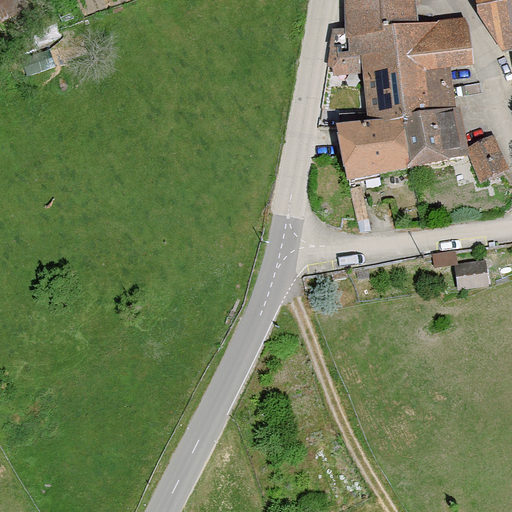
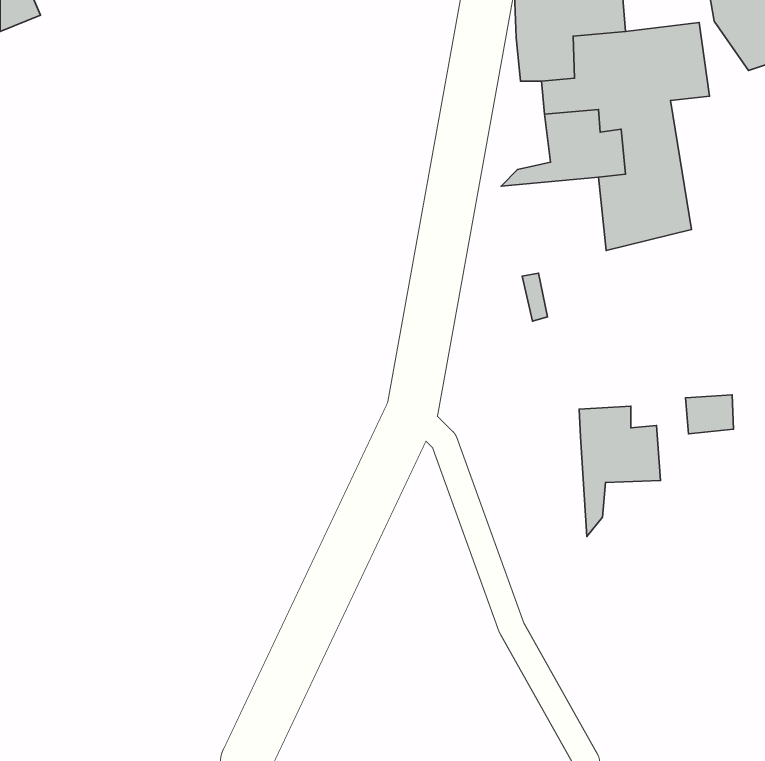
building: [335,118,405,181] -> none
building: [466,132,507,181] -> none
building: none -> [579,406,661,536]

